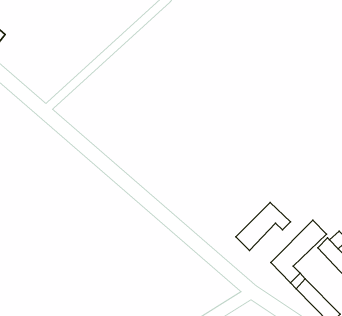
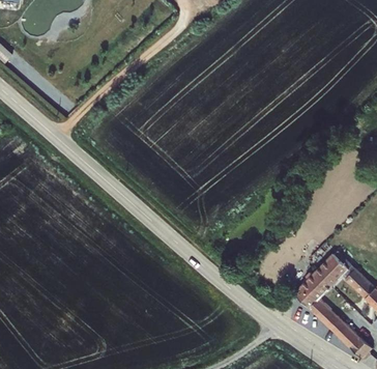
building: [236,203,290,250] -> none

